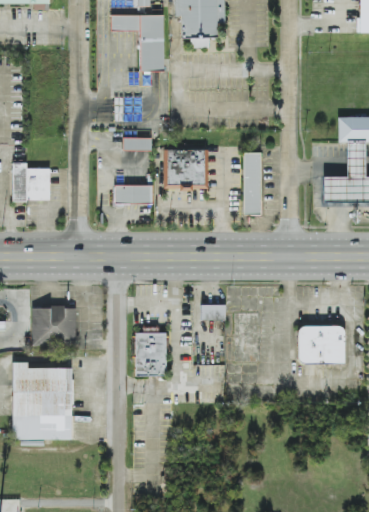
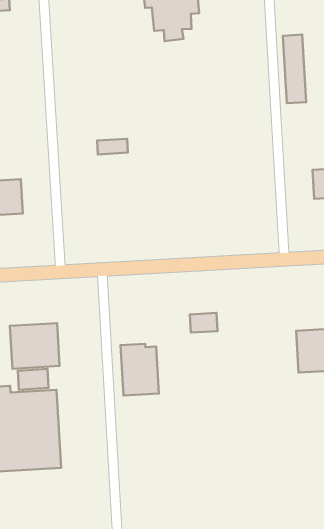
building: [110,13,164,80] -> none
building: [163,148,208,189] -> none
building: [243,151,261,214] -> [283,35,306,103]
building: [114,184,153,203] -> none
building: none -> [18,369,48,390]

